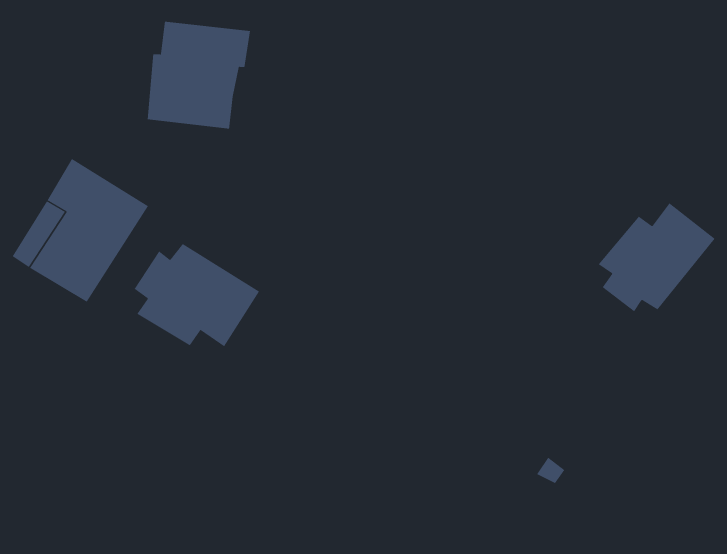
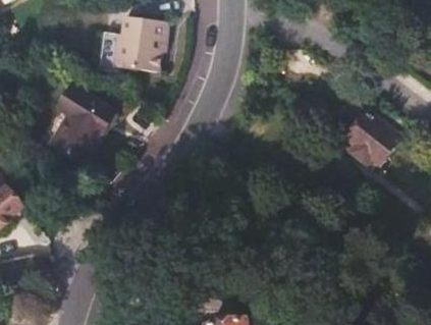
building: [134,243,260,347] -> none

